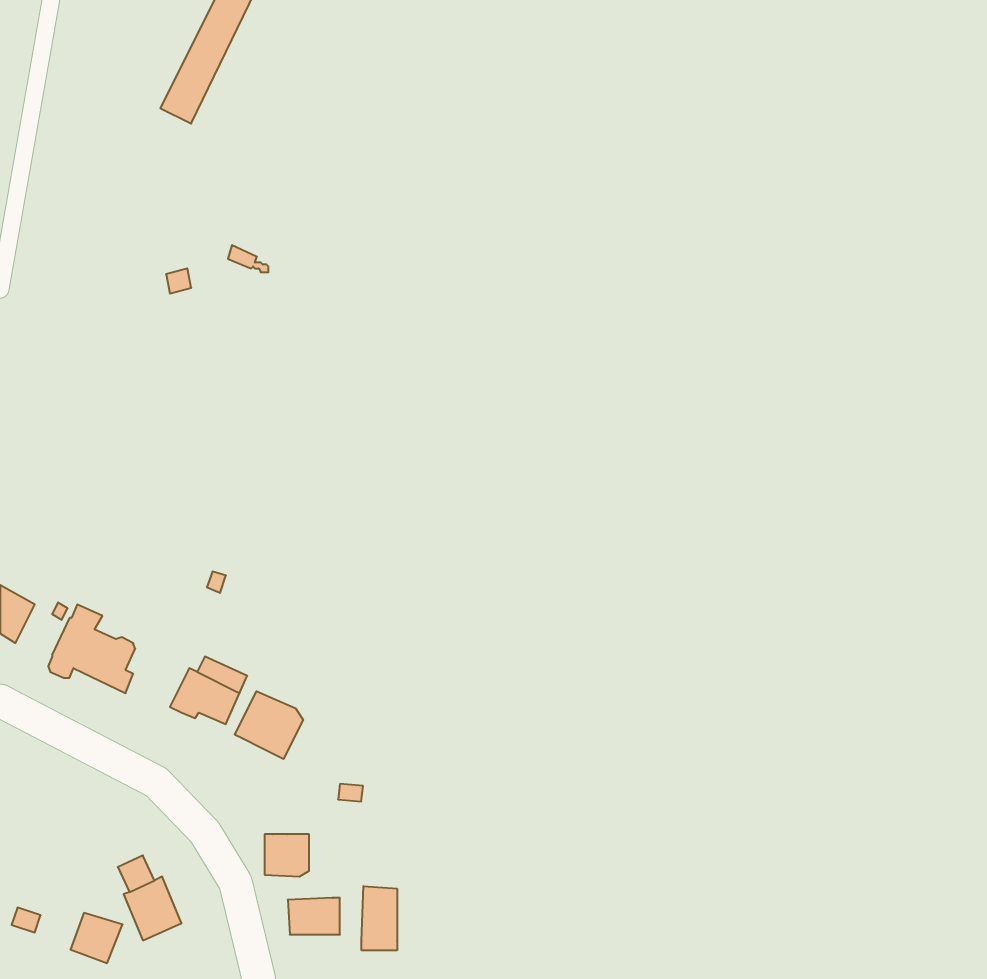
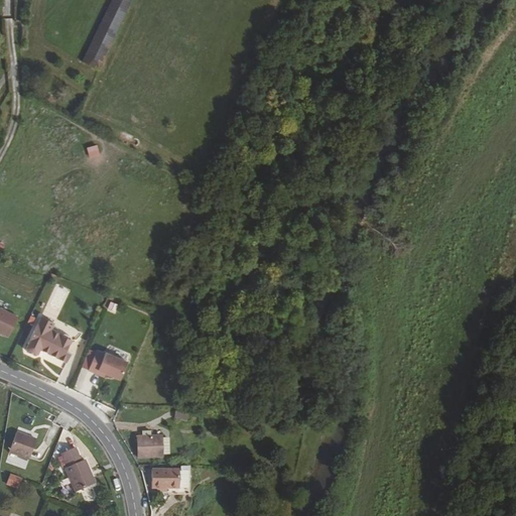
building: [235,691,303,759] -> none
building: [362,886,397,950] -> none
building: [70,913,123,963] -> [9,432,36,459]

